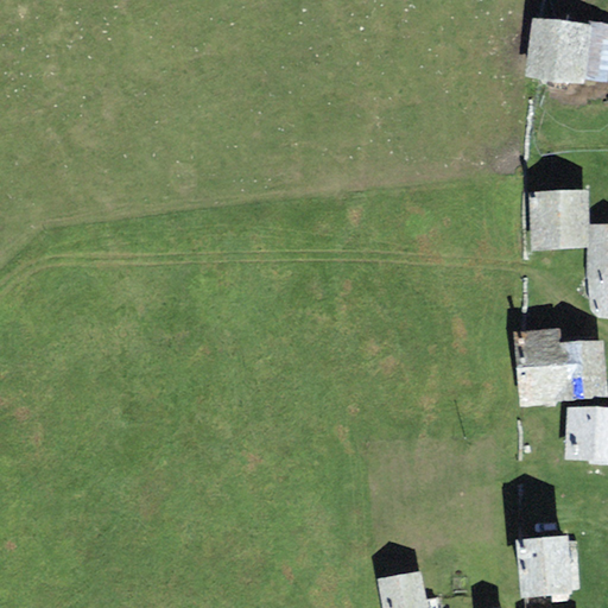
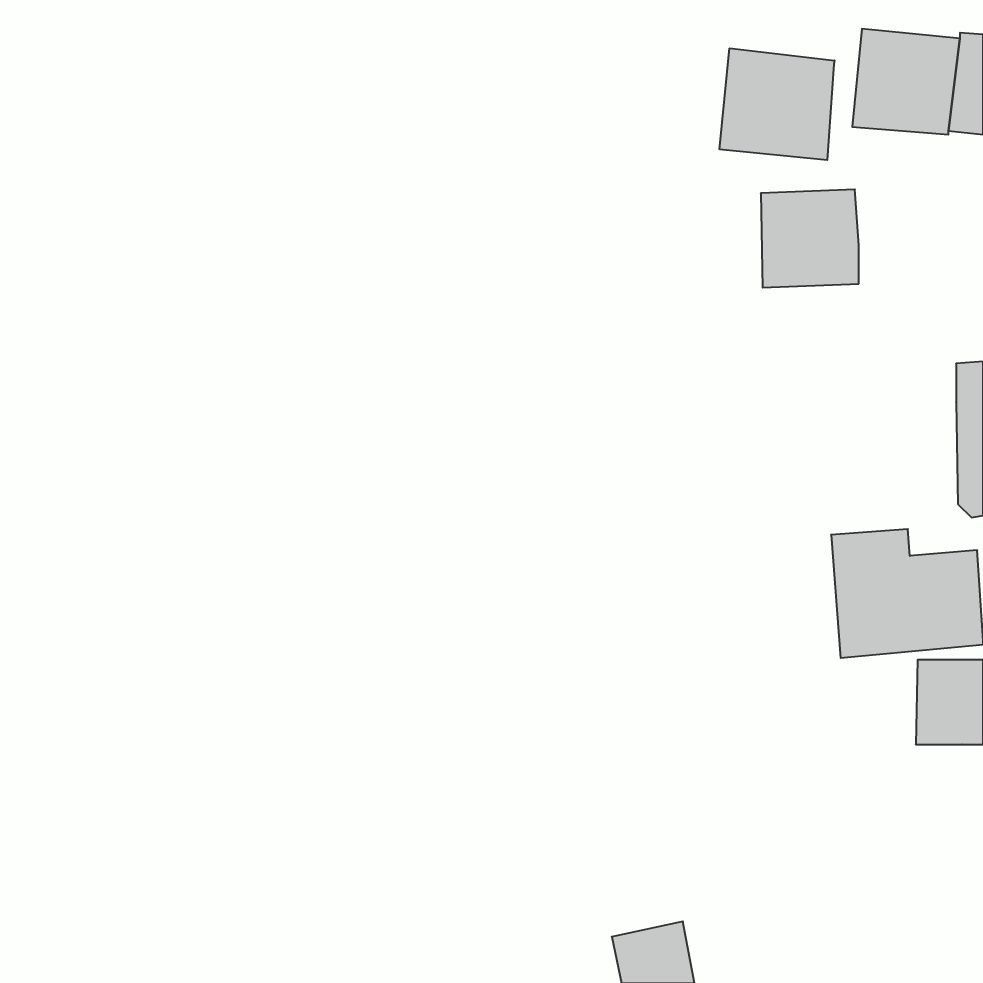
building: none -> [720,48,835,160]
building: [530,190,590,251] -> [761,189,859,288]
building: [515,534,572,595] -> none

